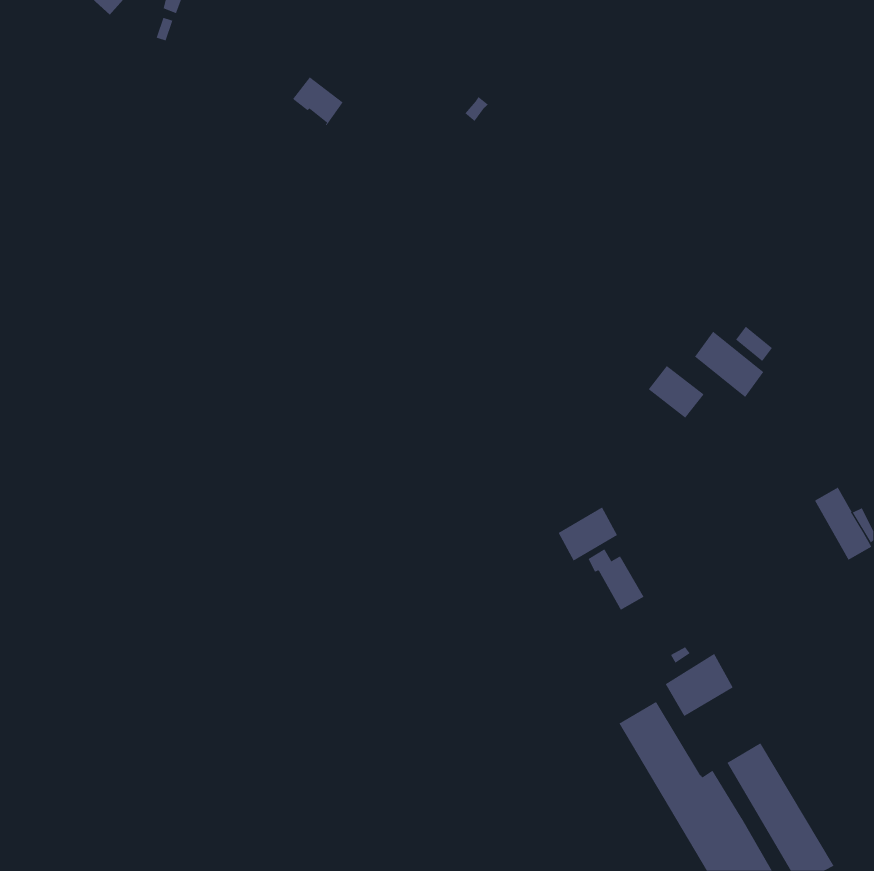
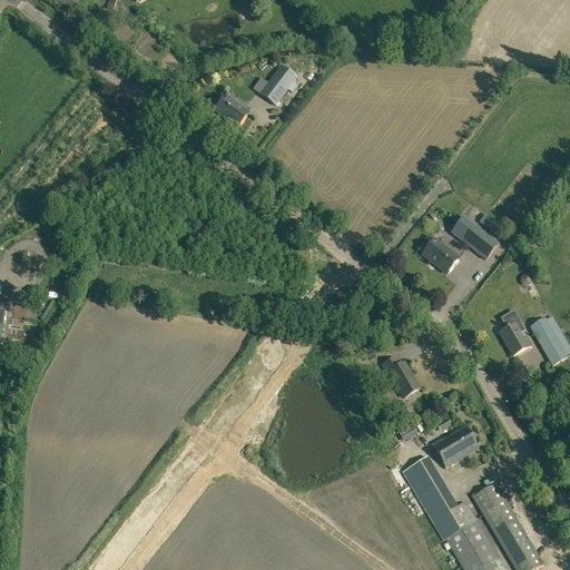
building: [292,77,344,126] -> [214,94,247,126]
building: none -> [259,65,295,102]
building: none -> [499,311,531,354]
building: [558,506,618,561] -> none

